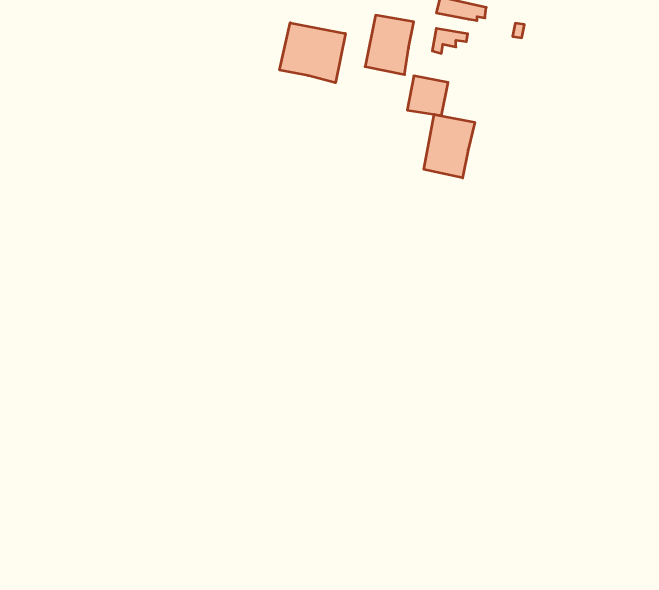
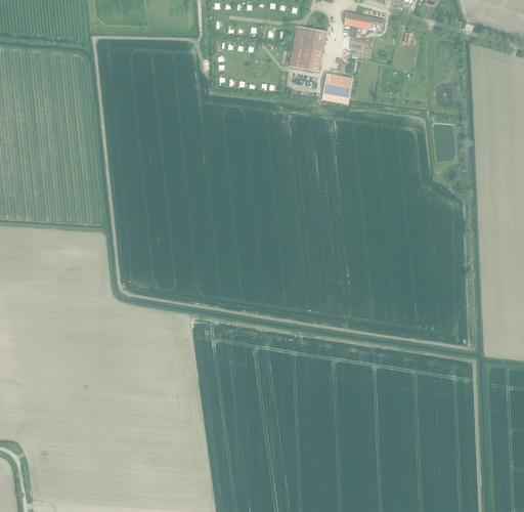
building: [280,23,345,83] -> none
building: [424,114,475,178] -> none

